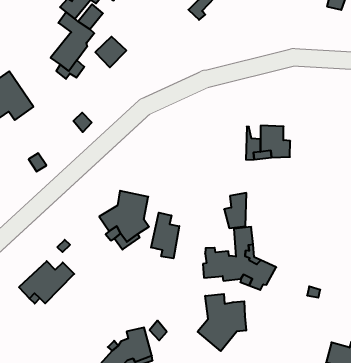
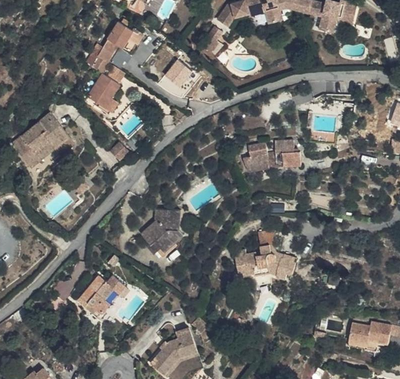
building: [95,37,126,67] -> [164,59,191,86]
building: [224,193,246,228] -> [243,142,263,174]
building: [151,213,179,258] -> none
building: [198,294,246,351] -> none

